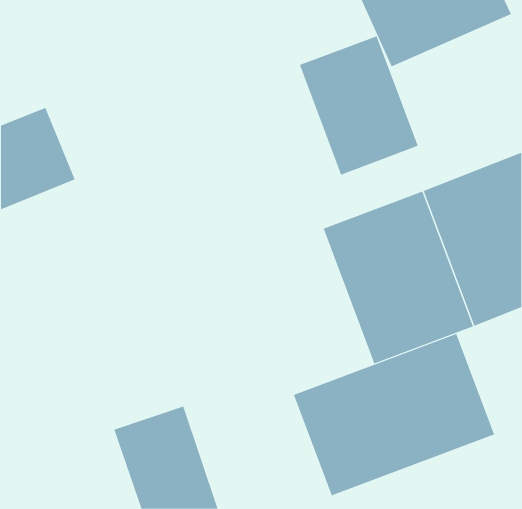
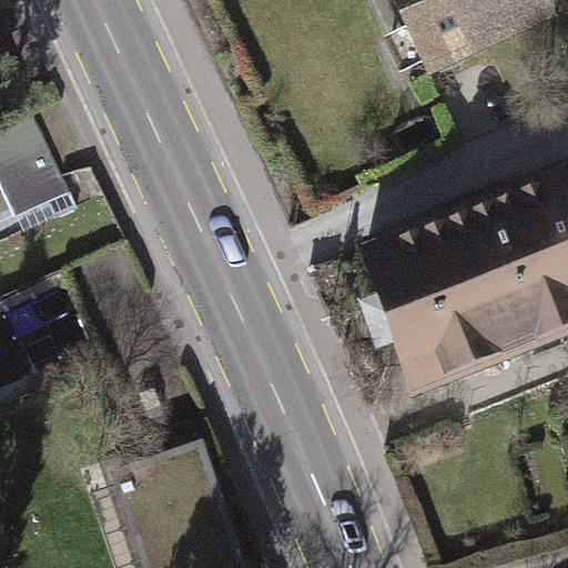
building: [299,35,419,175] -> none
building: [293,333,495,496] -> none

